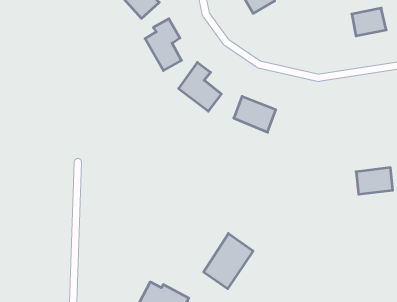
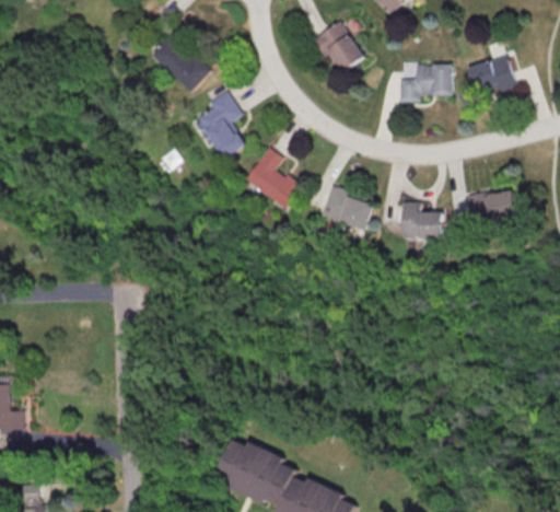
building: none -> [397,63,451,100]
building: none -> [402,202,444,237]
building: [356,168,393,194] -> [468,187,518,225]
building: [204,233,253,289] -> none

